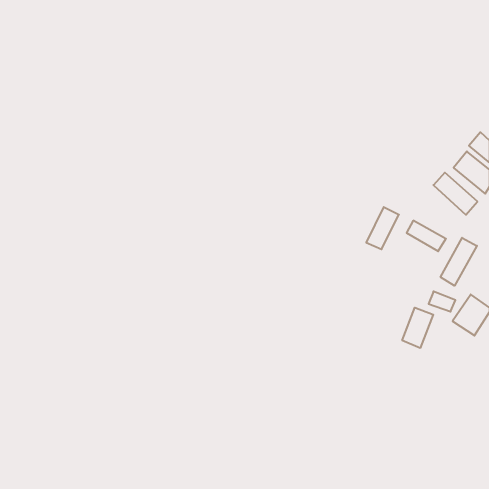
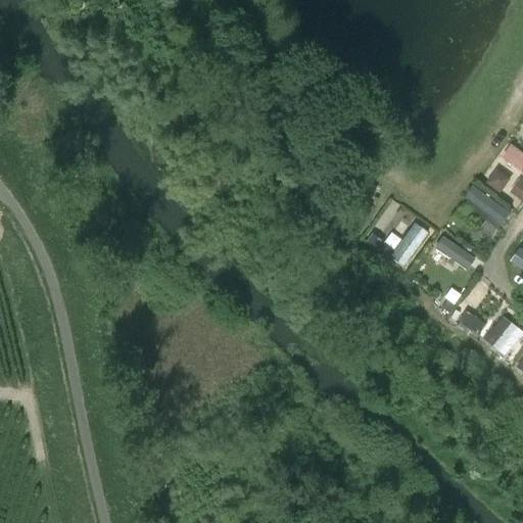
building: [441,238,477,286] -> none
building: [402,308,433,348] -> none

